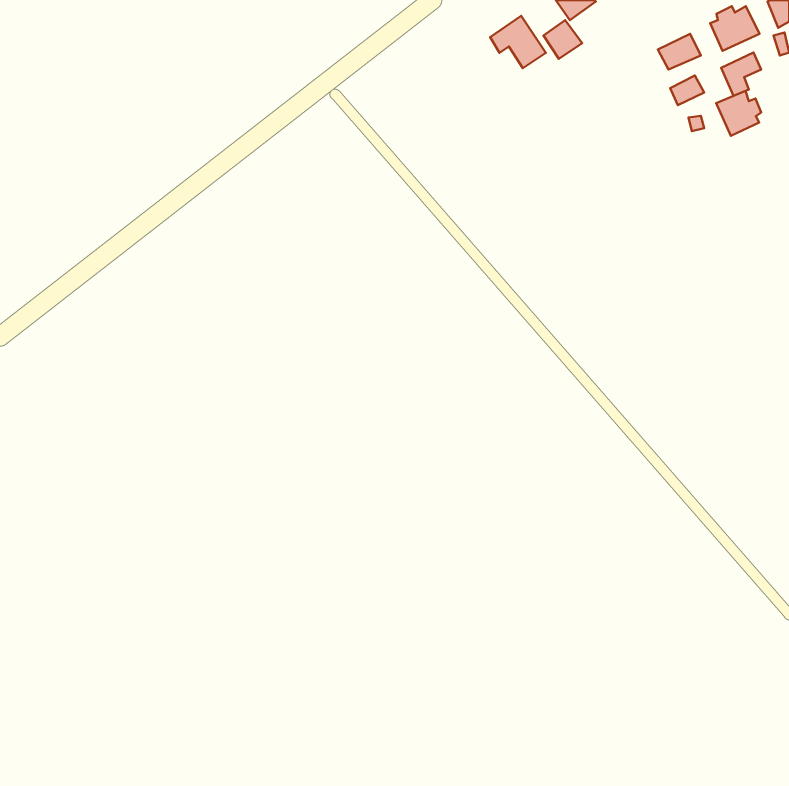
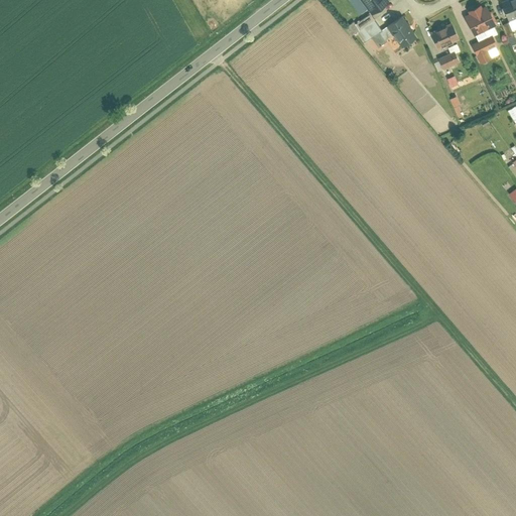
building: [490,16,546,68] -> [380,16,416,50]
building: [716,91,761,136] -> none

